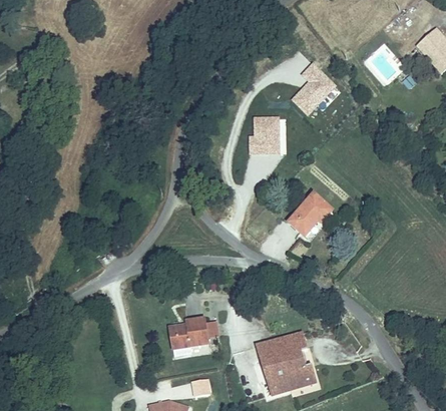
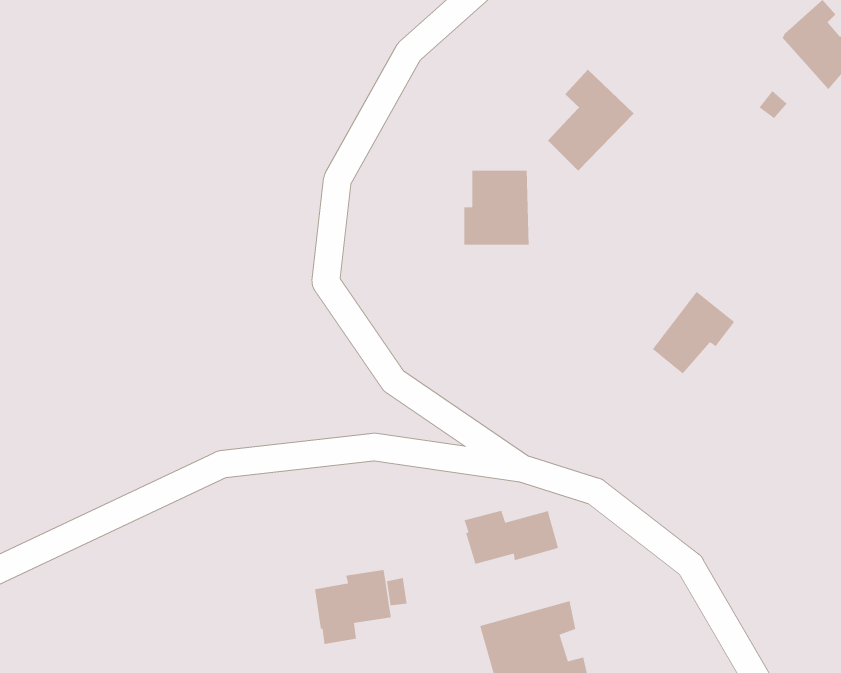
building: [284,191,327,235] -> [652,291,735,374]
building: none -> [463,510,559,565]

